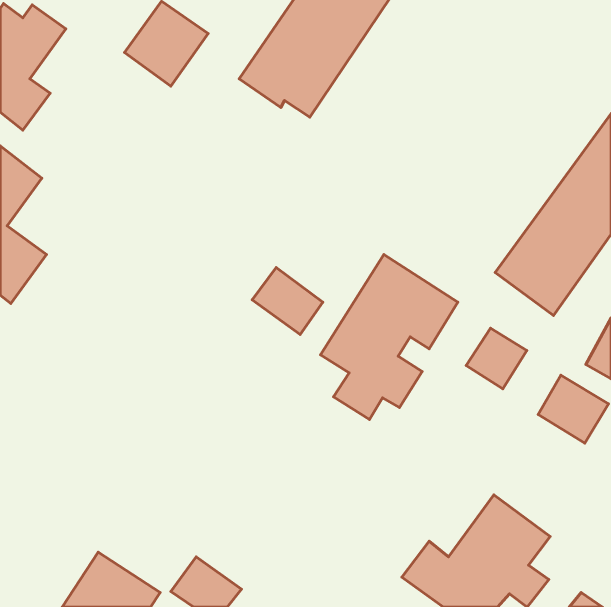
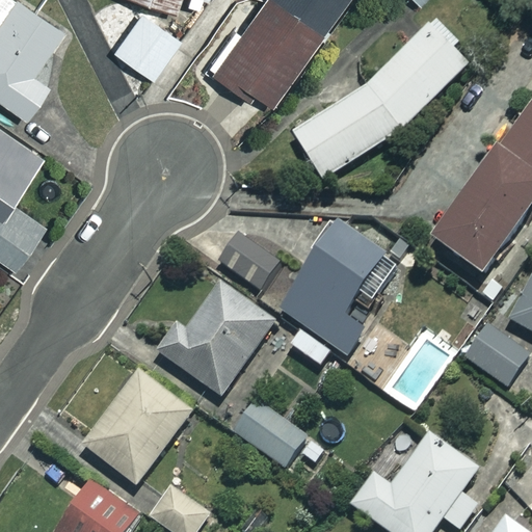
building: none -> [292,18,476,180]
building: none -> [157,282,274,396]
building: [466,328,527,389] -> none
building: none -> [83,371,191,484]
building: none -> [234,399,325,467]

